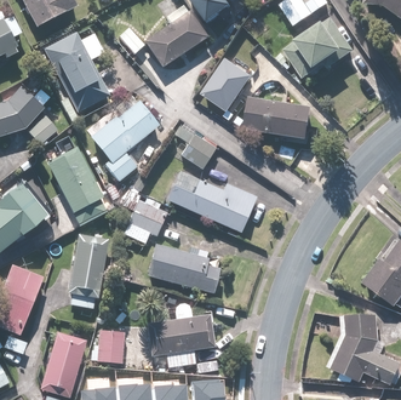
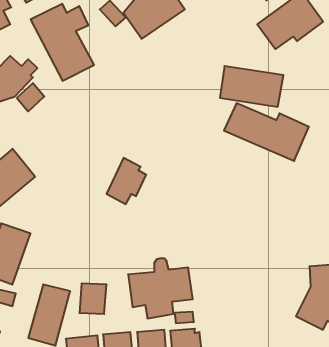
building: [201,59,262,113] -> none
building: [91,99,159,183] -> none
building: [179,133,216,170] -> none
building: [46,147,110,227] -> none
building: [166,172,257,234] -> [224,103,309,161]
building: [69,235,108,309] -> none
building: [147,245,219,292] -> none

